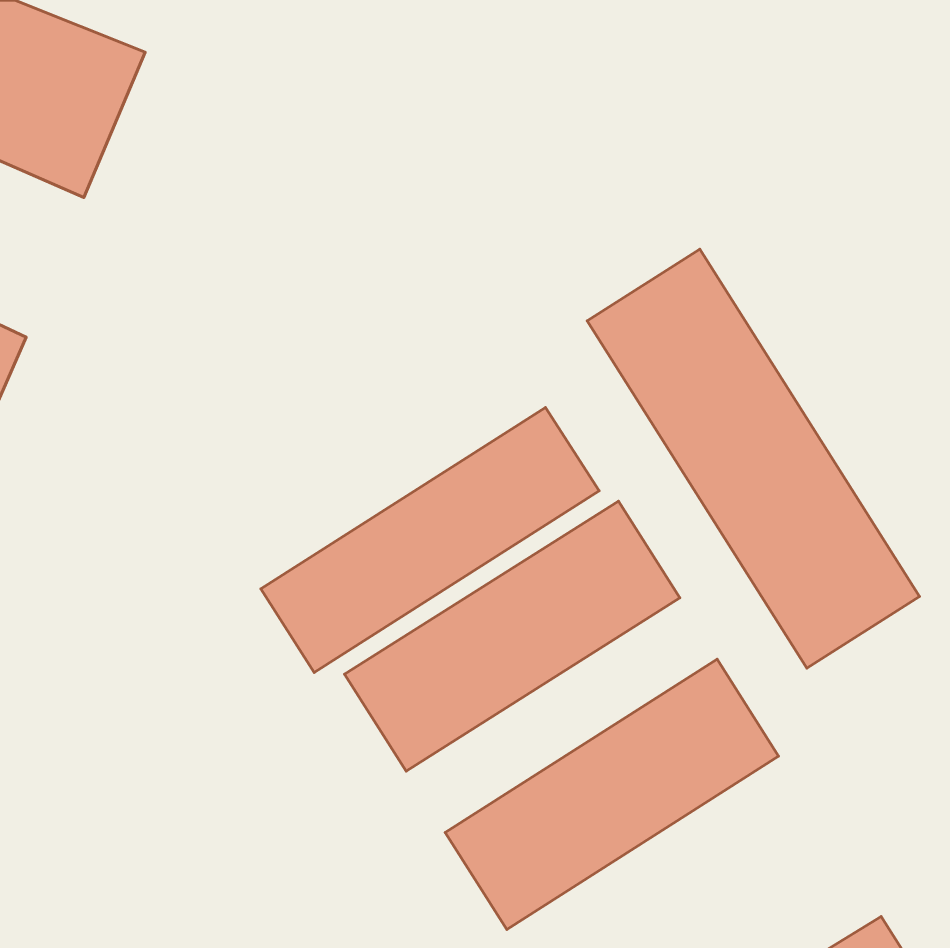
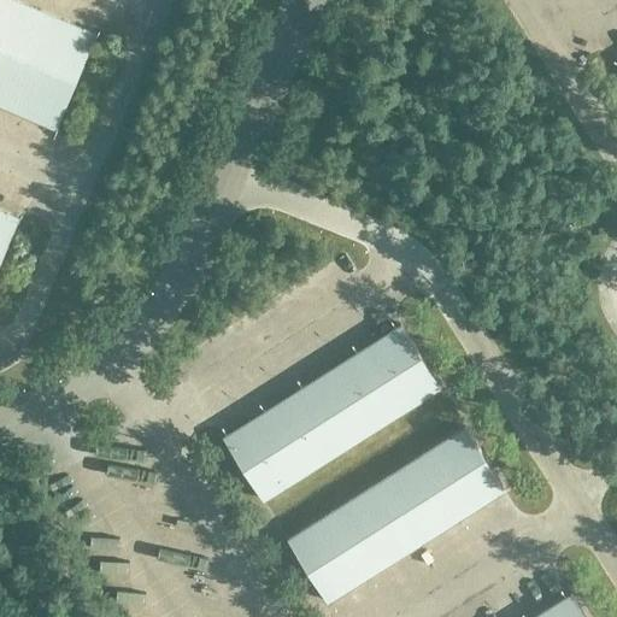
building: [587,249,919,668] -> none
building: [261,408,599,672] -> none

